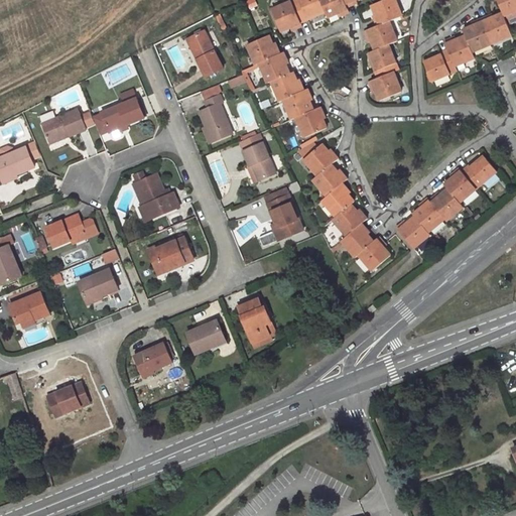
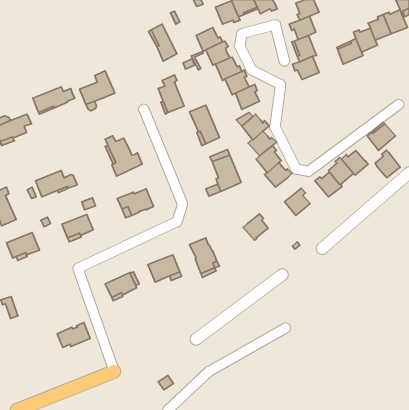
building: [443,167,475,202] -> [375,150,400,178]
building: [341,223,372,256] -> [243,214,268,240]
building: [46,382,88,413] -> [57,322,90,347]

